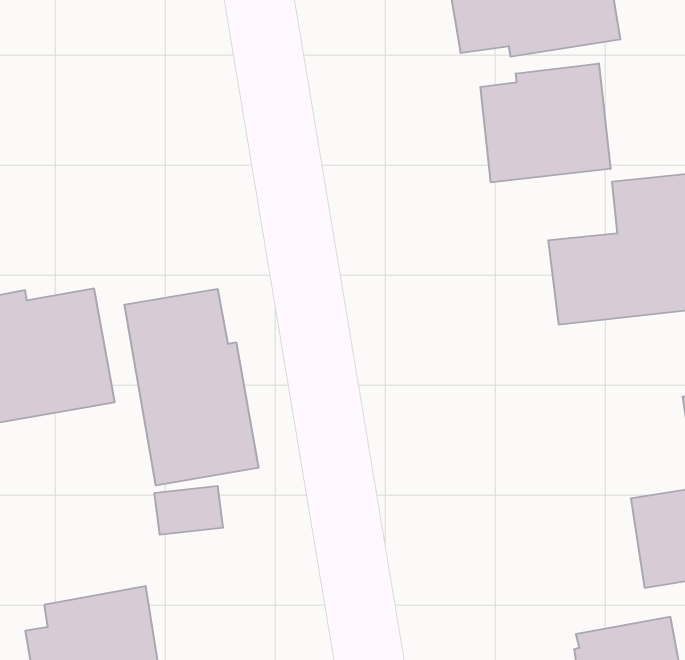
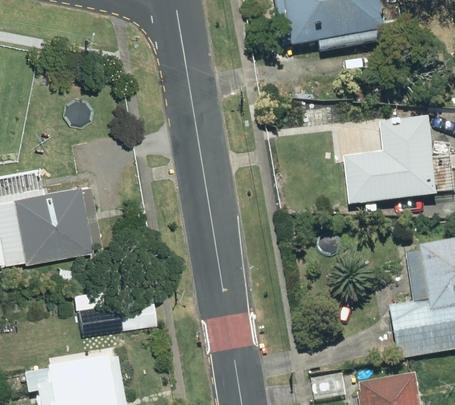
building: [480,63,611,182] -> none
building: [124,289,259,485] -> none

